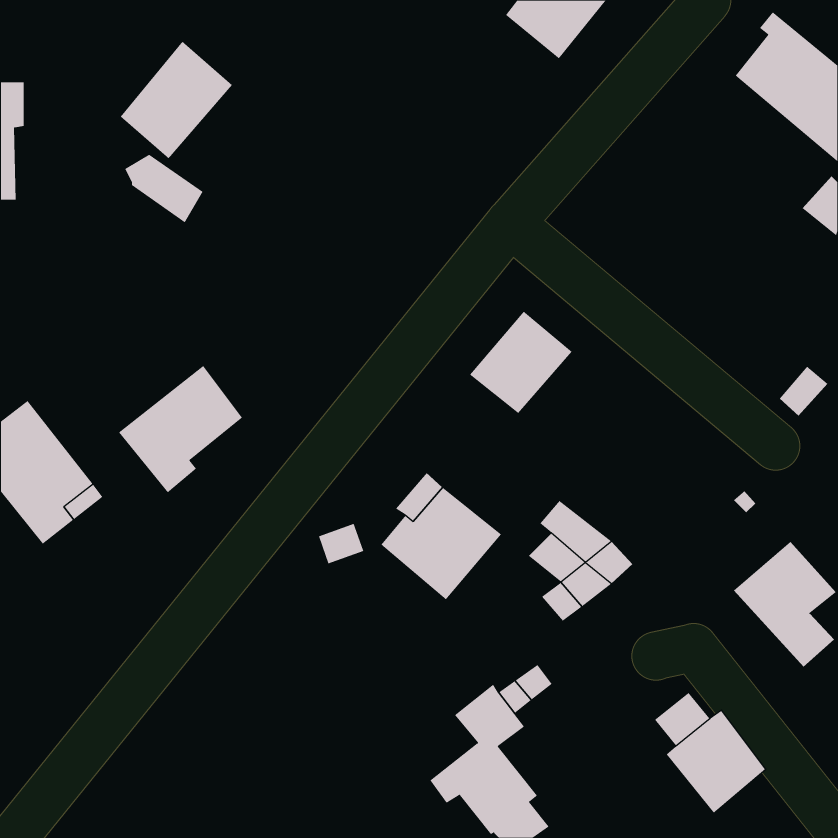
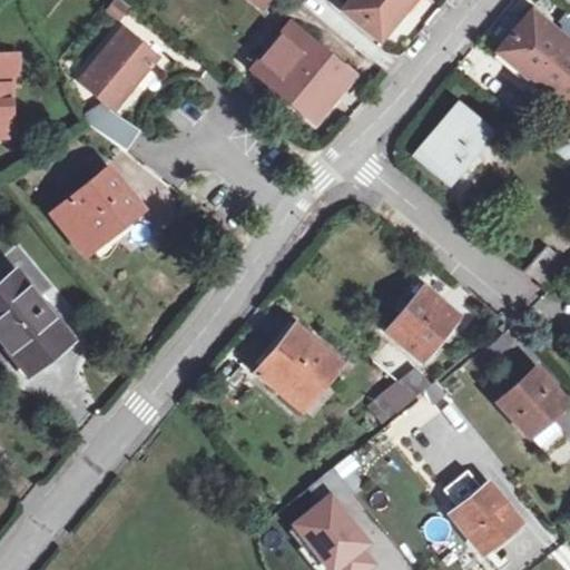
building: none -> [253,24,348,118]
building: none -> [415,102,493,181]
building: [469,311,573,414] -> [387,288,458,358]
building: [118,365,243,493] -> [53,166,138,253]

